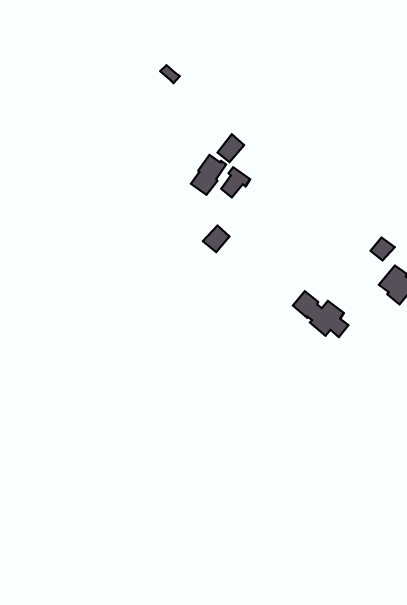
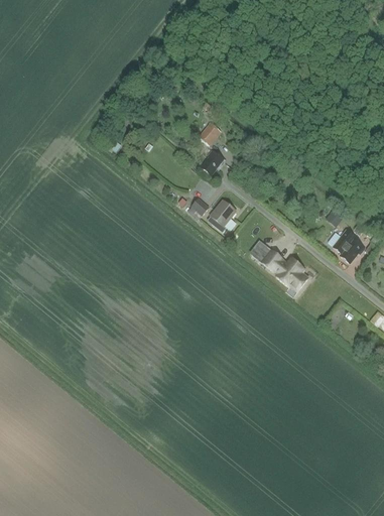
building: [191,155,226,195] -> none
building: none -> [210,199,236,225]

